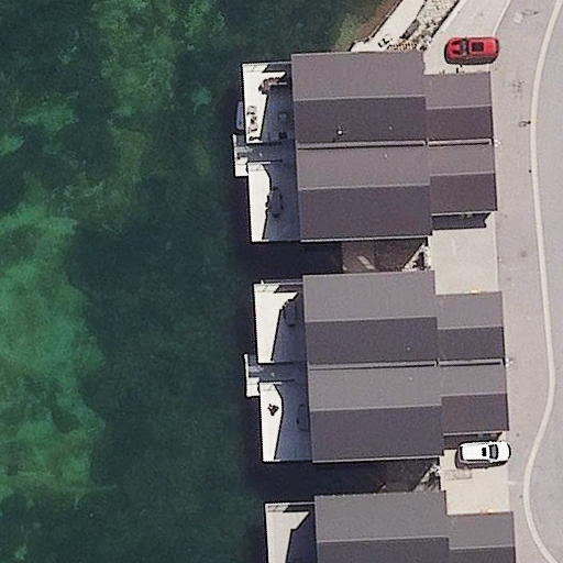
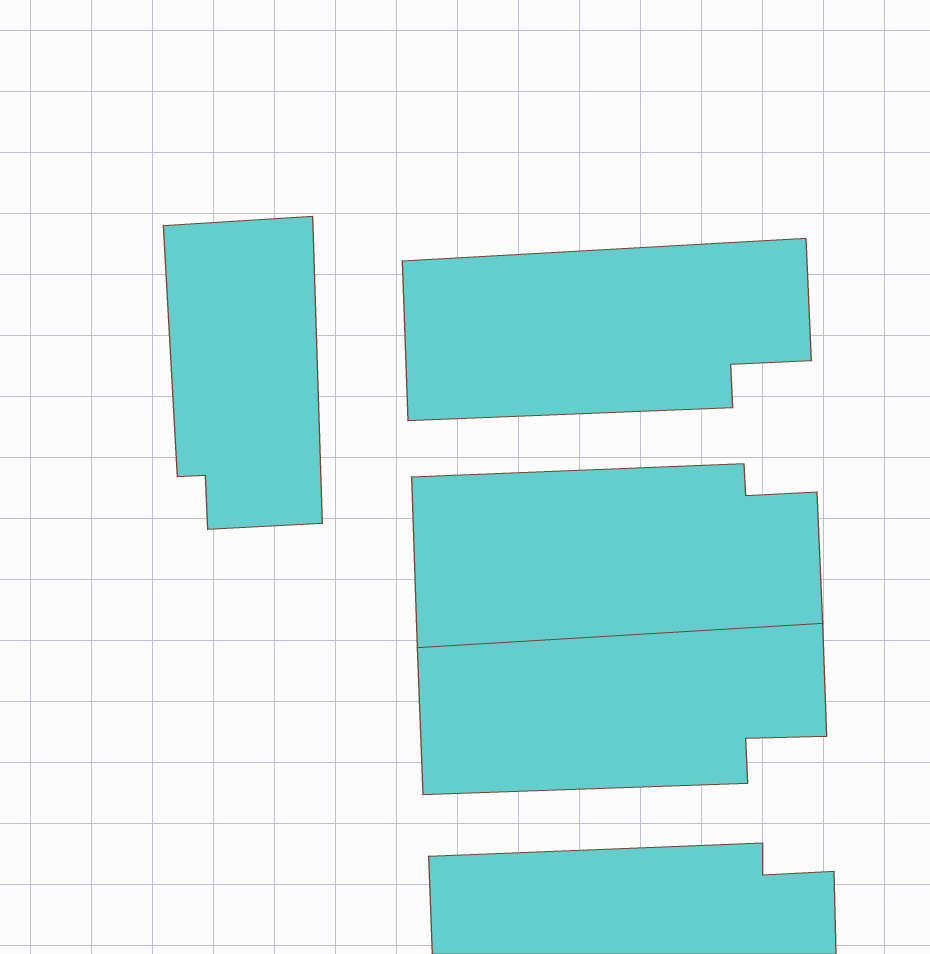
building: [250,53,489,153] -> none
building: none -> [164,216,322,530]

